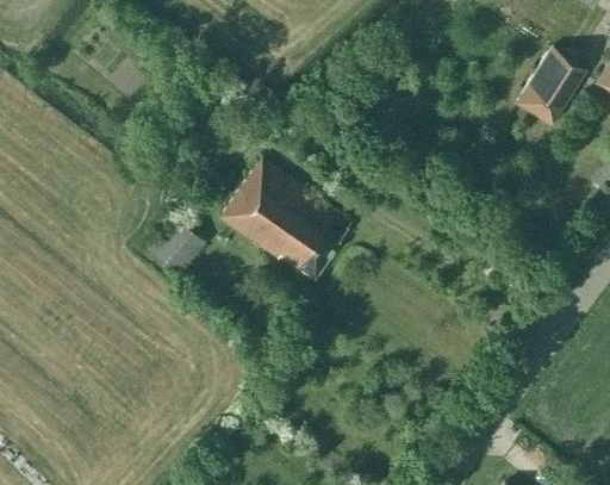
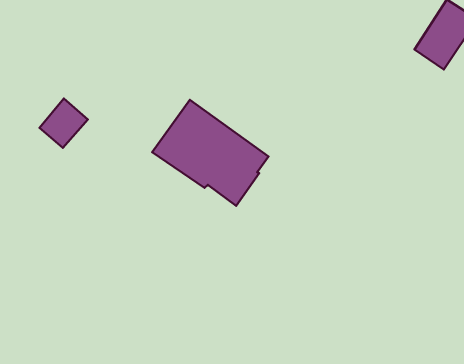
building: [150,219,205,275] -> [40,99,88,148]

